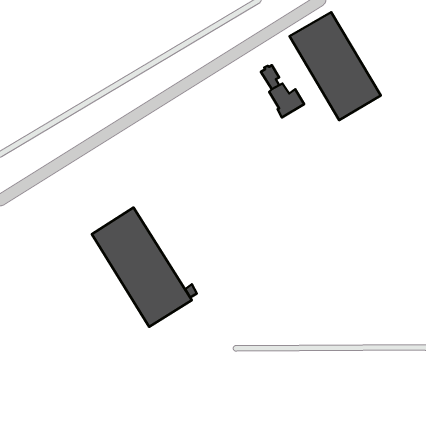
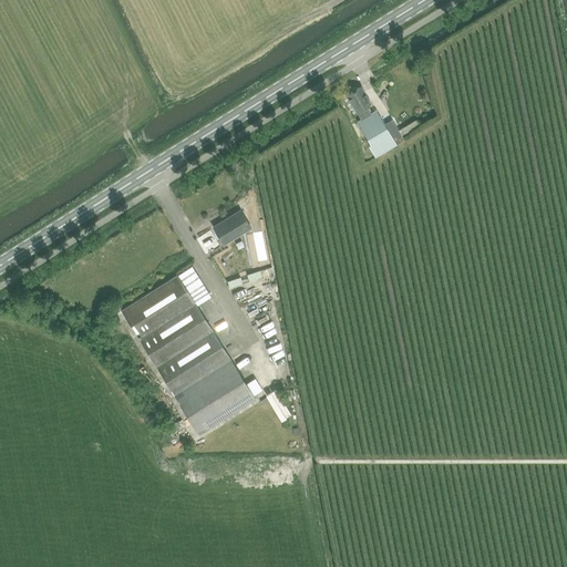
building: [290,12,381,120] -> none
building: none -> [214,210,261,245]

